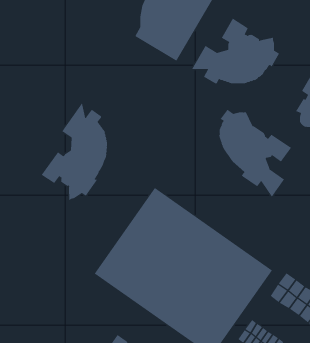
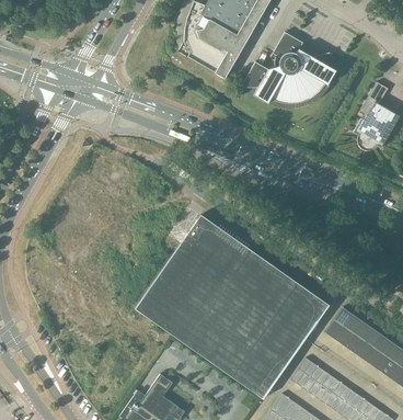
building: [41,102,108,202] -> none
building: [219,109,292,198] -> none

